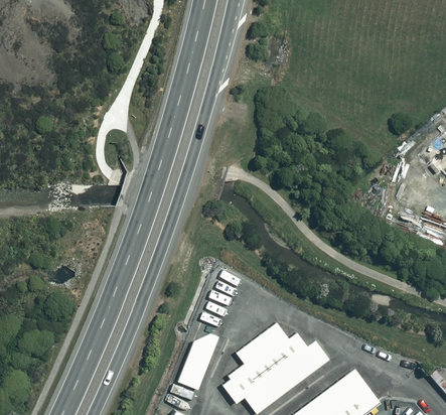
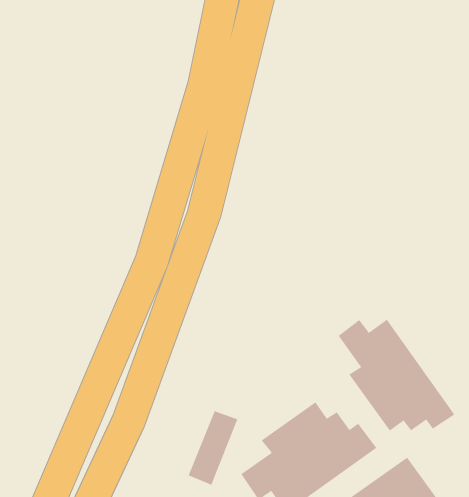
building: none -> [338,319,455,432]

